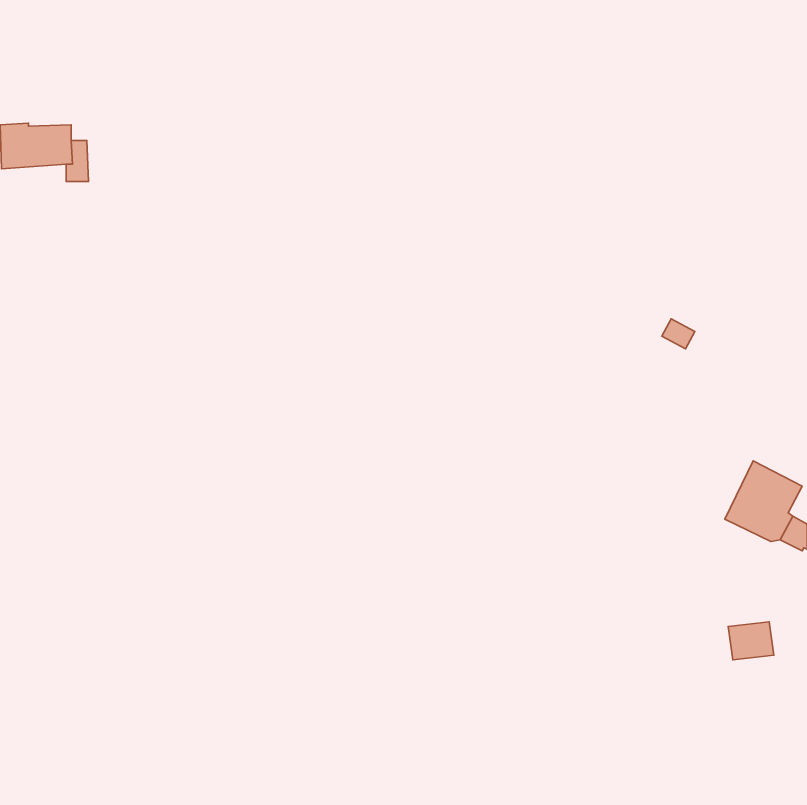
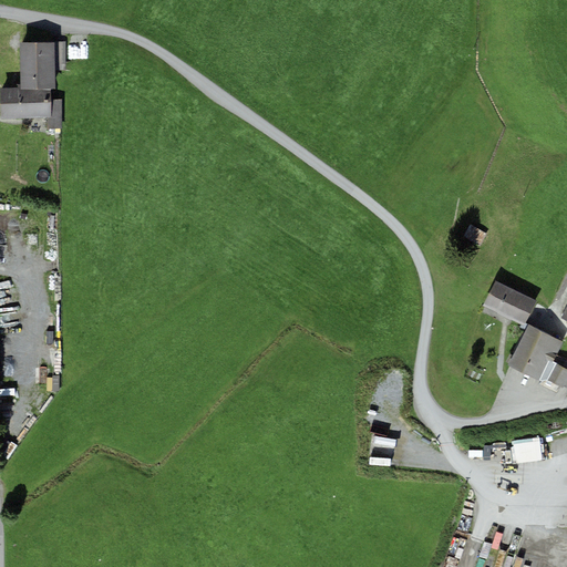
building: none -> [19,42,55,89]
building: none -> [484,281,537,324]

